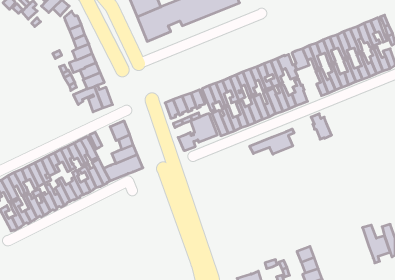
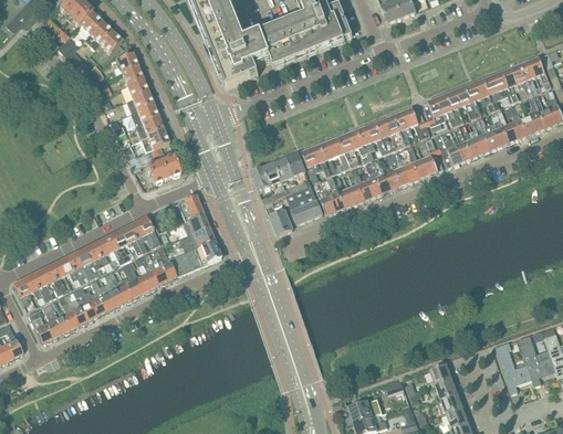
building: [311,114,332,139] -> [435,131,462,166]
building: [250,129,294,154] -> none
building: none -> [494,341,532,393]

